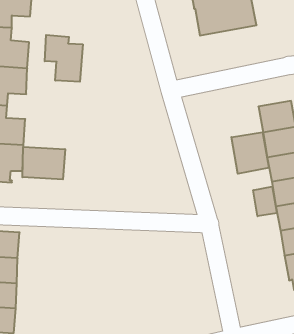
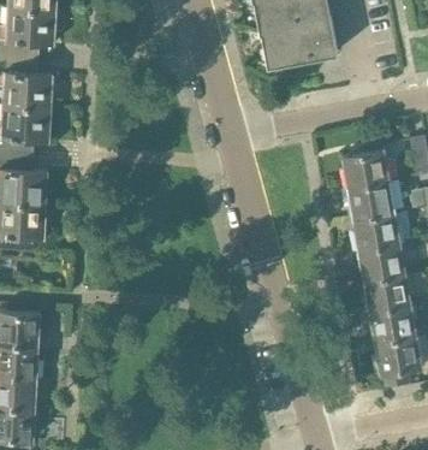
building: [45,35,83,82] -> none
building: [231,132,269,174] -> none
building: [22,147,65,179] -> none
building: [253,186,277,216] -> none

